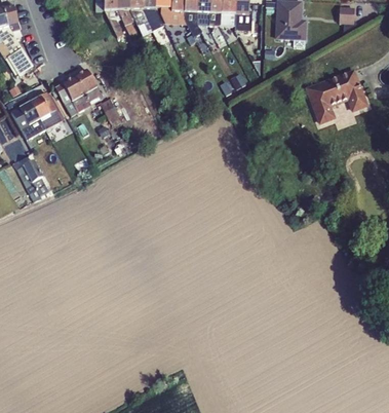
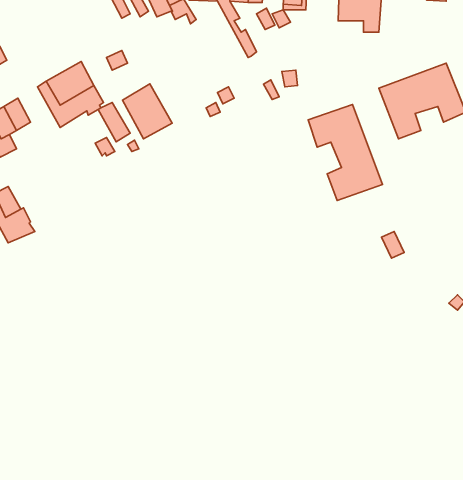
building: none -> [123,84,172,139]
building: [35,91,63,132] -> none
building: none -> [308,105,382,201]

